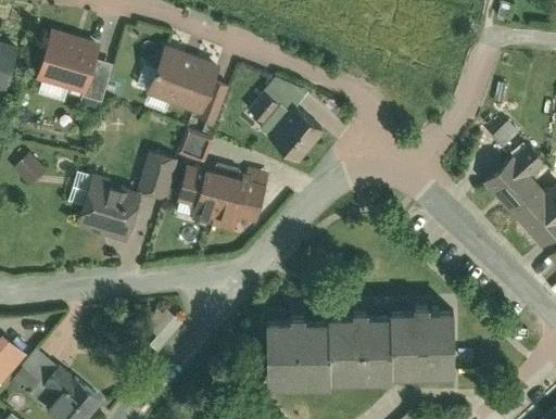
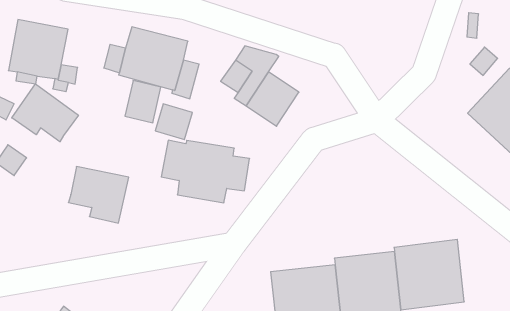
building: none -> [12,84,78,142]
building: [140,154,179,199] -> [125,80,161,123]
building: [68,175,96,211] -> none

